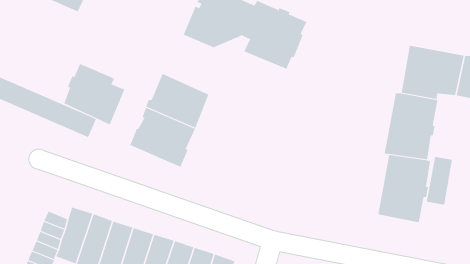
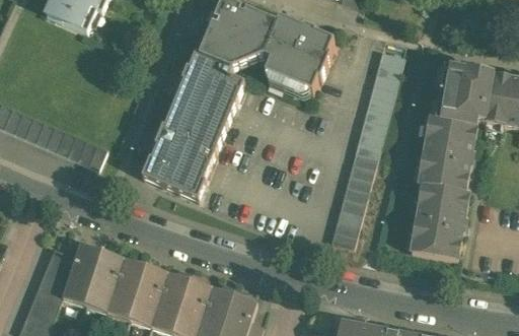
building: none -> [330,49,403,247]
building: [64,63,125,125] -> [177,54,244,121]
building: [426,156,452,206] -> none

